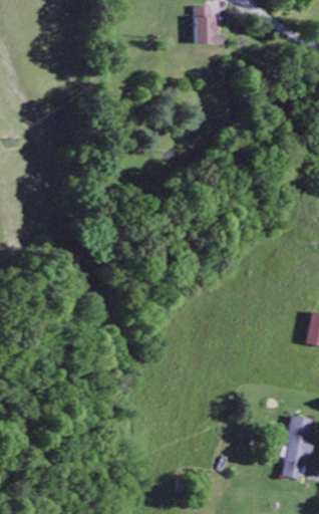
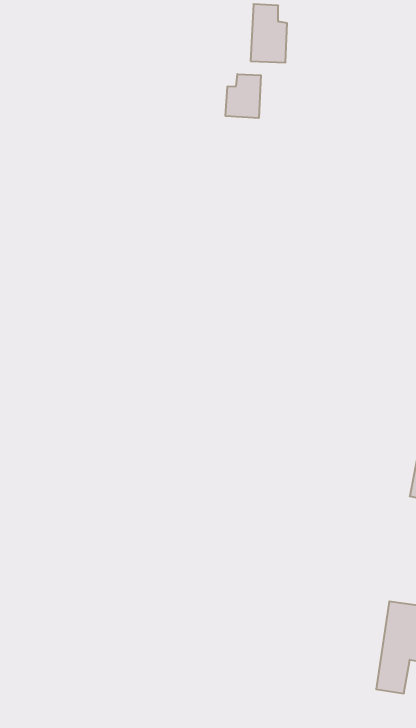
building: none -> [226,74,261,118]

